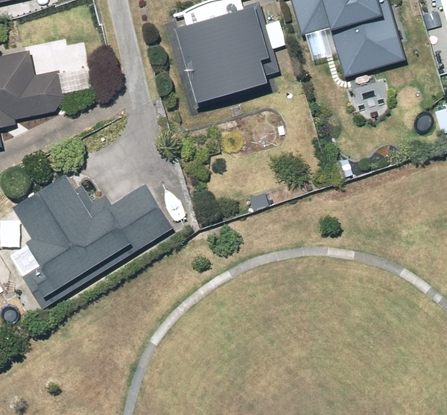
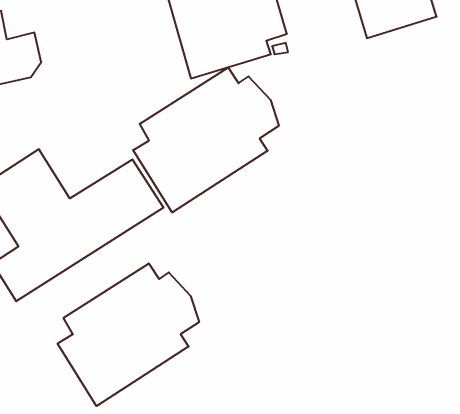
building: none -> [133,68,279,212]
building: none -> [58,263,199,406]

